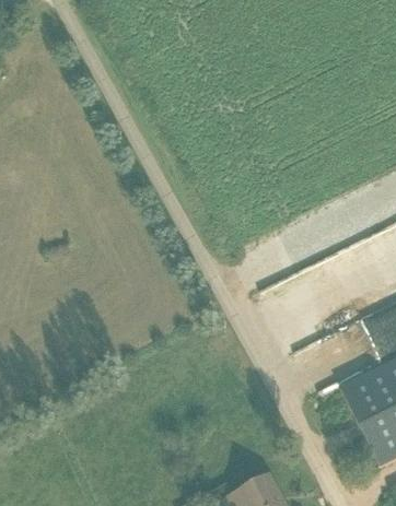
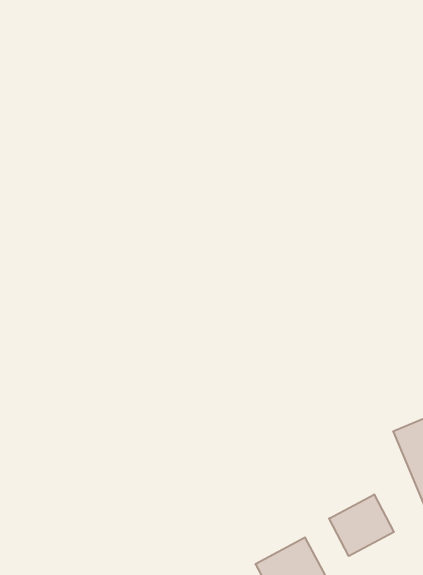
building: none -> [329,494,394,556]

